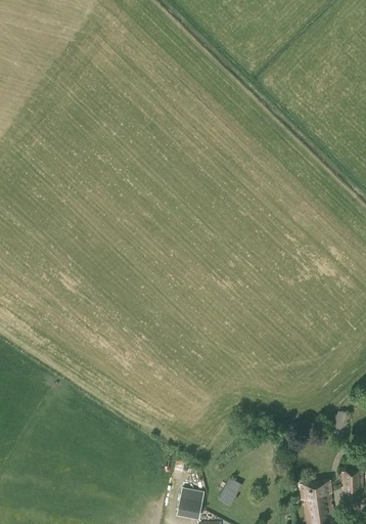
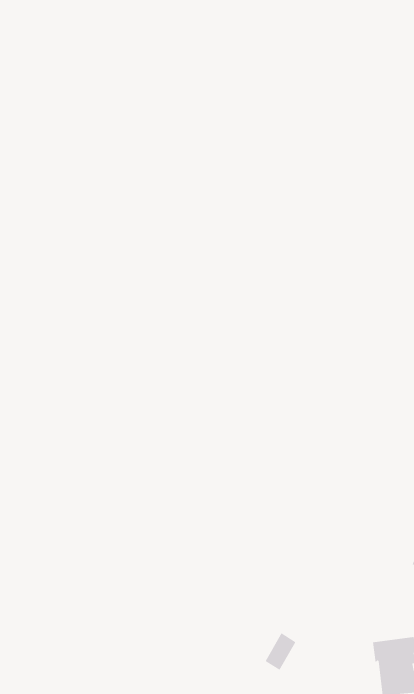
building: [177,495,202,518] -> none

